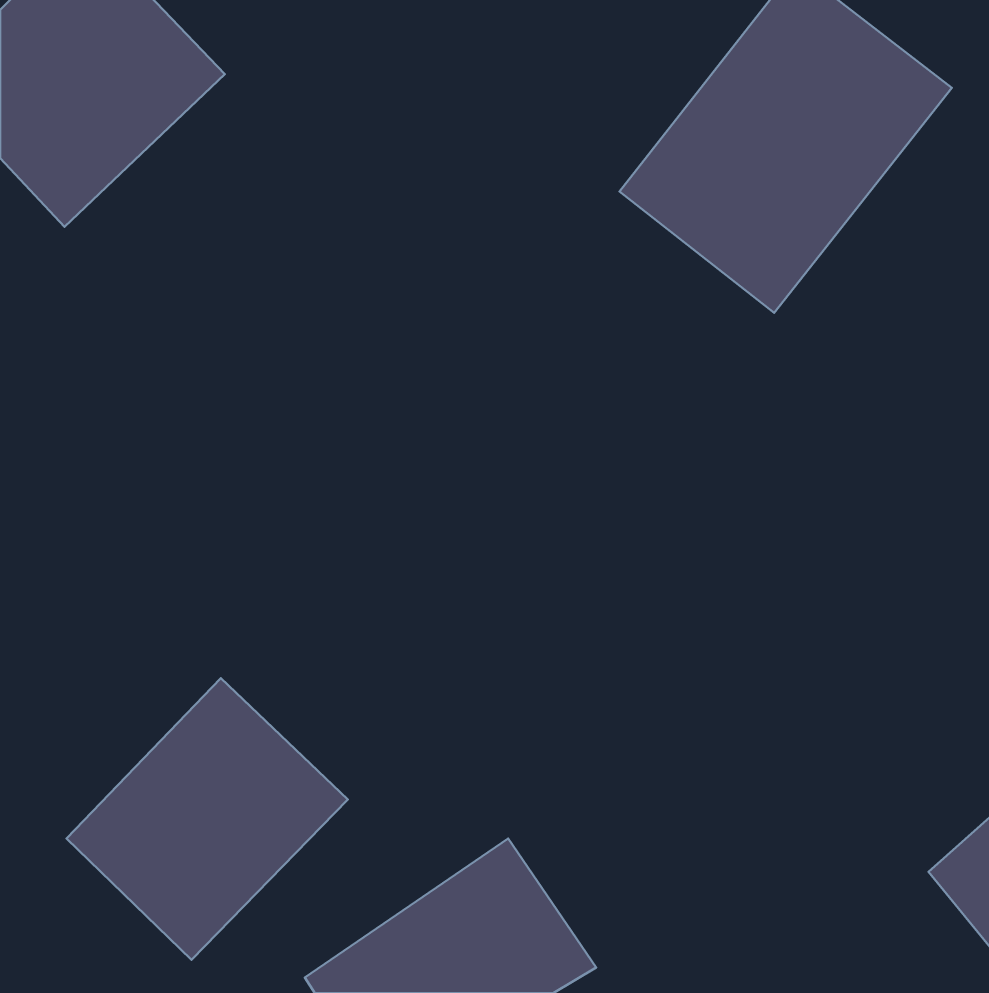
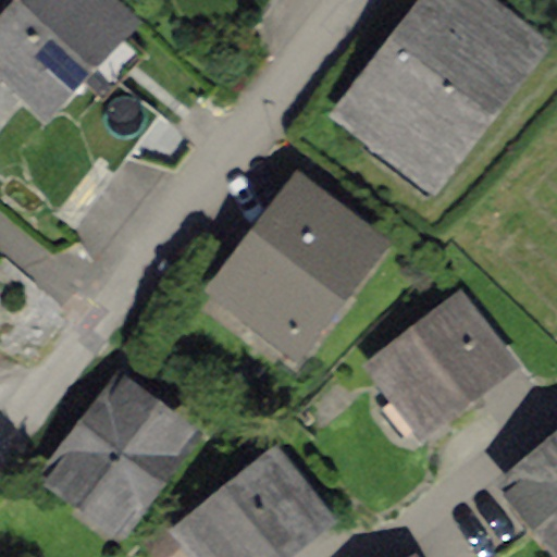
building: none -> [205,170,382,351]
building: none -> [372,304,516,434]

